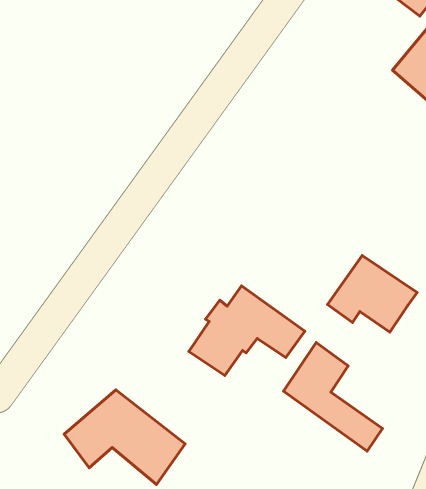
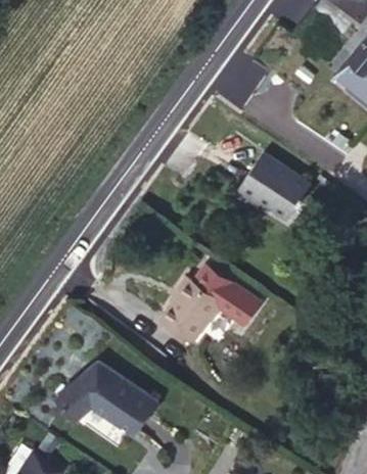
building: [327,255,417,332] -> [233,156,310,222]
building: [283,342,382,451] -> none

